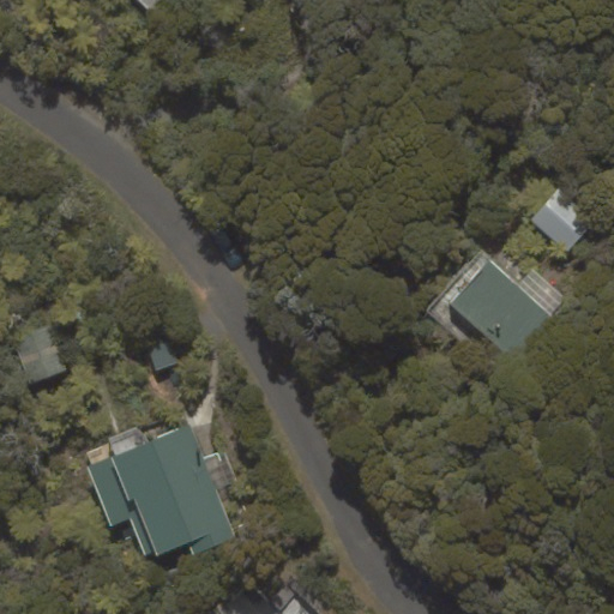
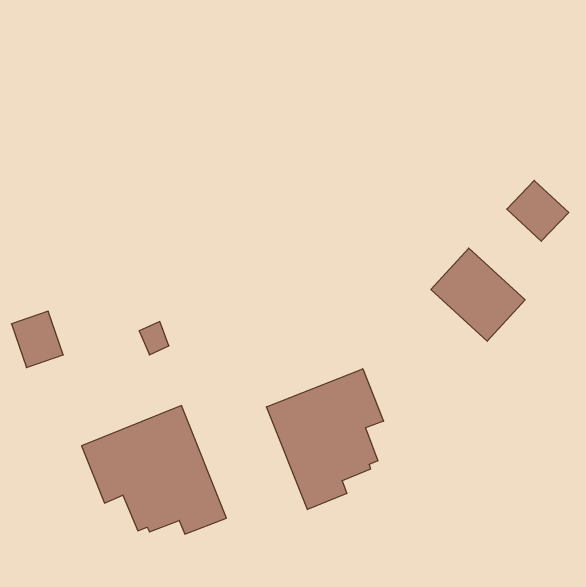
building: none -> [266,369,384,510]

